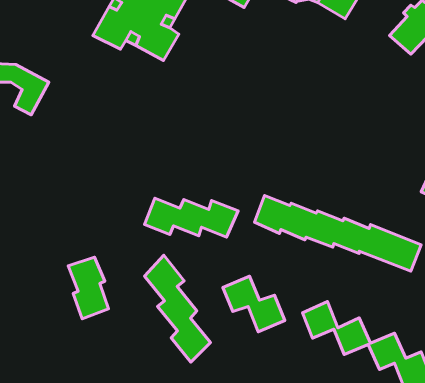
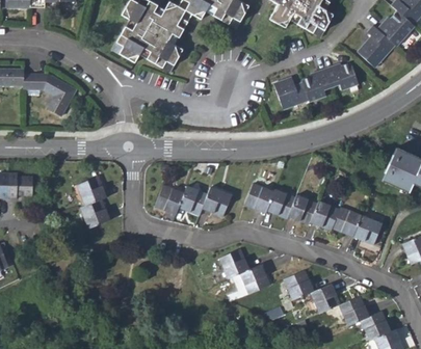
building: none -> [272,61,359,108]
building: [145,255,210,362] -> none
building: [68,257,109,319] -> [77,177,110,227]

